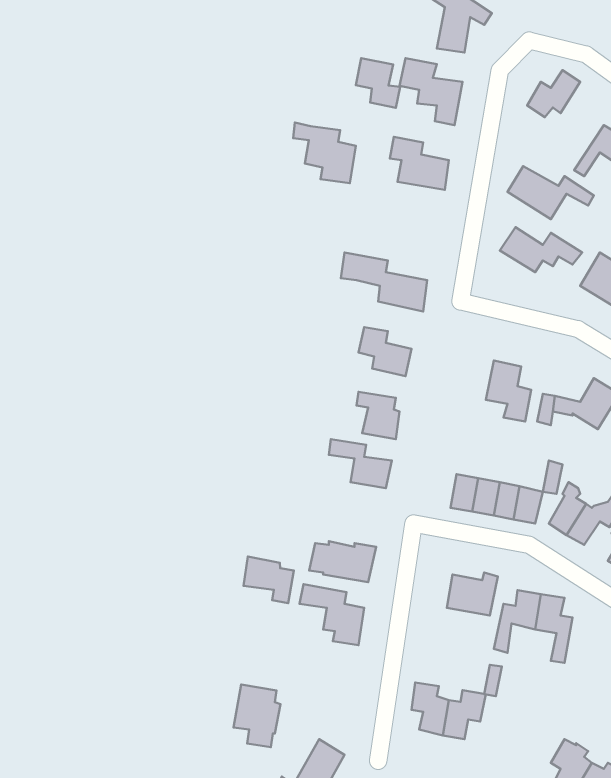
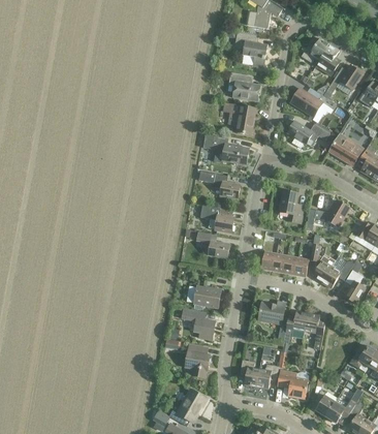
building: [356,58,400,108] -> none
building: none -> [315,43,339,74]
building: [293,122,356,183] -> [221,101,254,133]
building: [243,557,294,603] -> none
building: [233,684,281,747] -> [185,344,210,377]
building: none -> [278,371,308,399]

